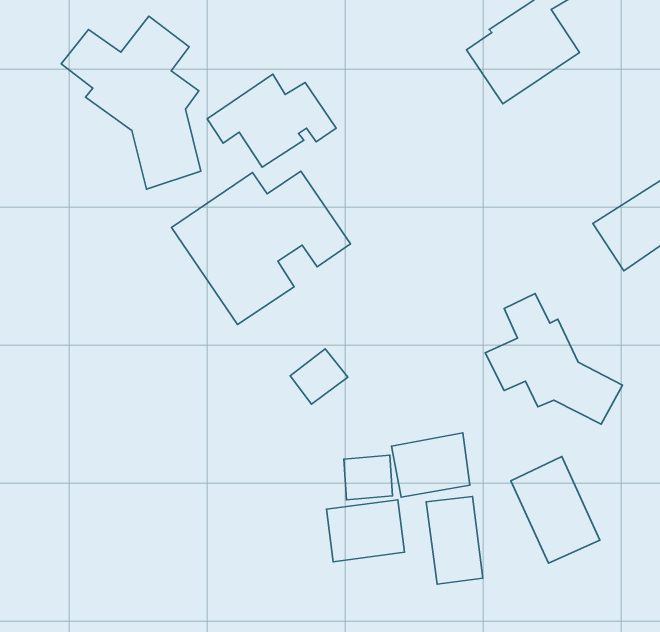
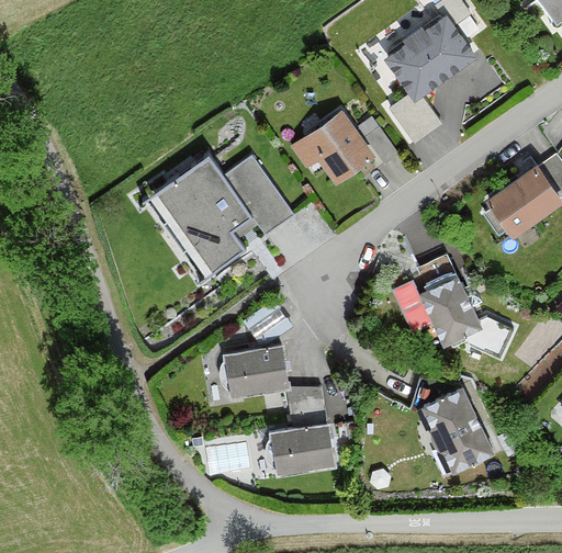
building: [61,16,201,189] -> none
building: [207,74,336,167] -> [290,110,395,185]
building: [392,433,470,497] -> [224,345,288,397]
building: [426,497,483,584] -> none

